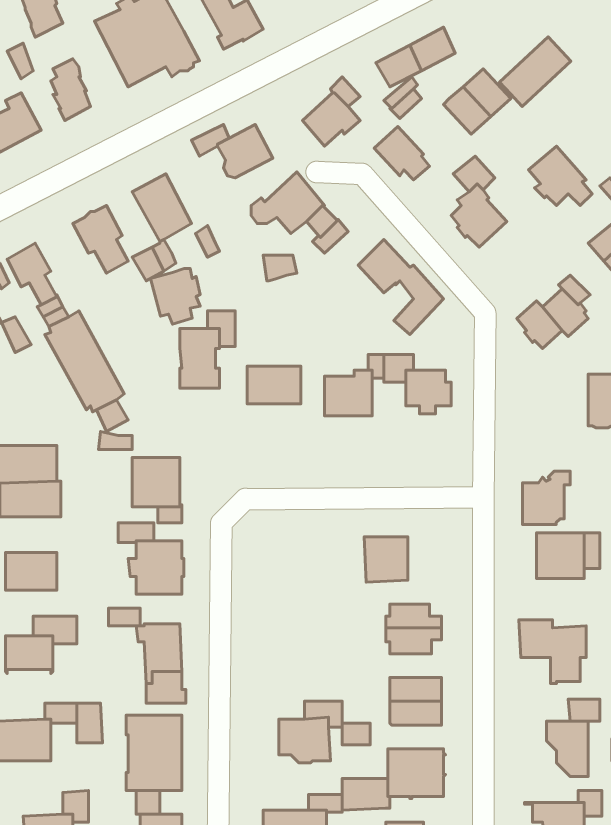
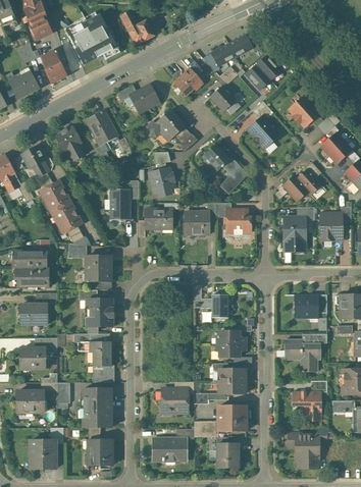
building: [500,37,571,107] -> none
building: [151,269,200,324] -> [149,168,174,197]
building: [523,471,570,525] -> [283,213,308,240]

